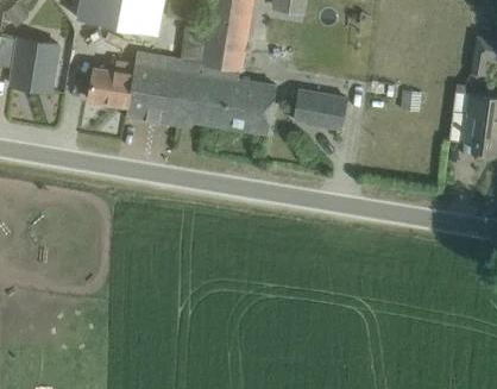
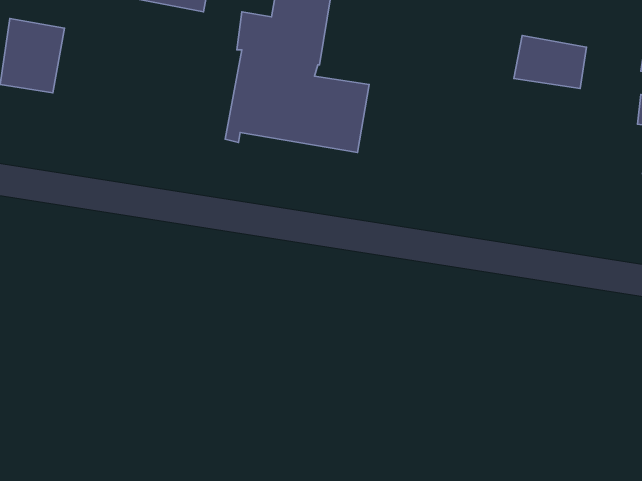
building: [88,54,184,125] -> none
building: [294,90,346,128] -> [514,35,587,88]

